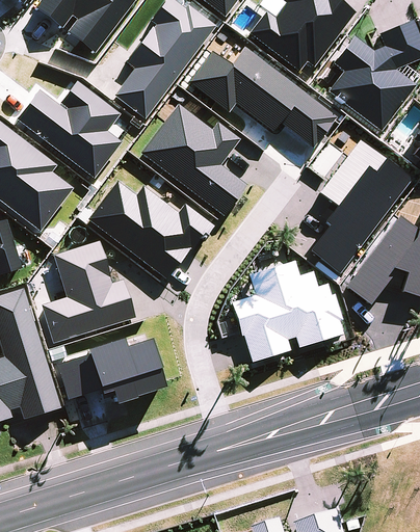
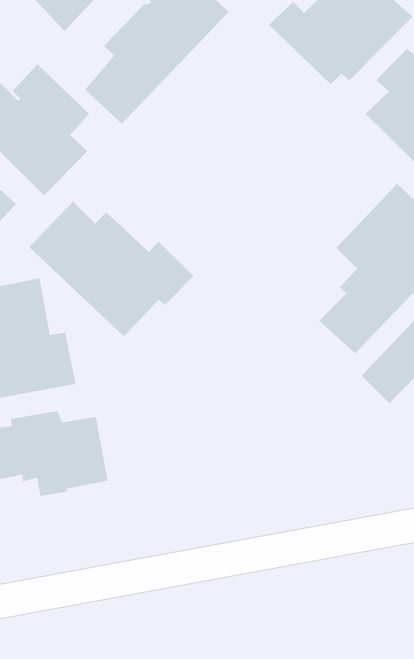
building: [187,46,336,149] -> none
building: [138,103,247,216] -> none
building: [229,259,342,362] -> none

